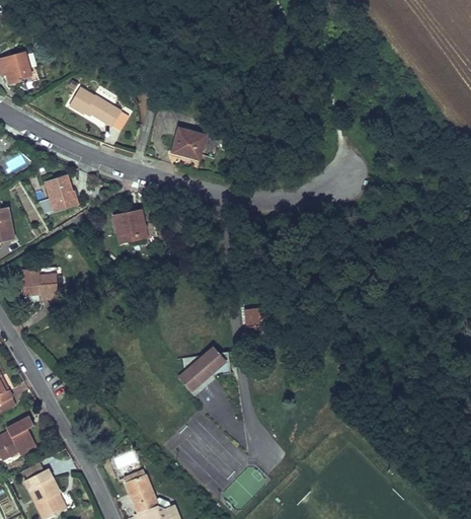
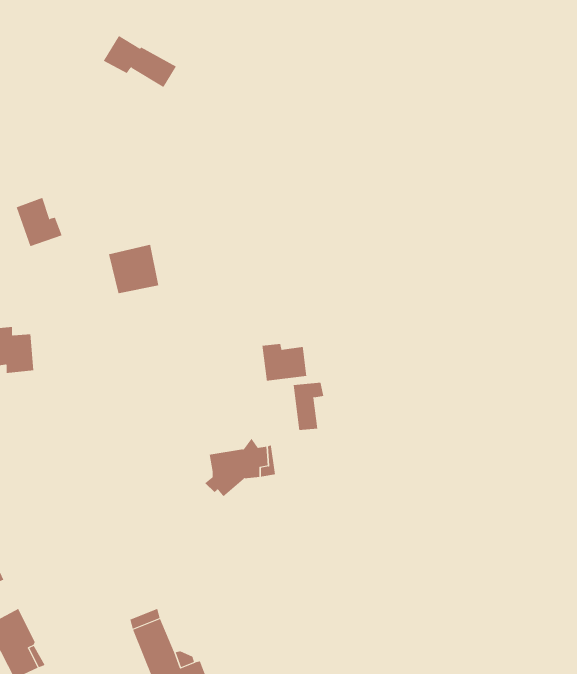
building: [68,87,121,125] -> [103,35,177,88]
building: [169,127,203,158] -> none
building: none -> [262,343,307,382]

